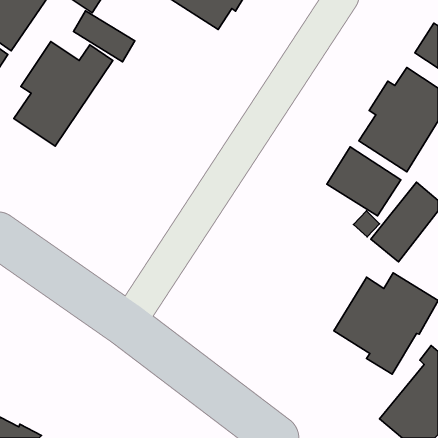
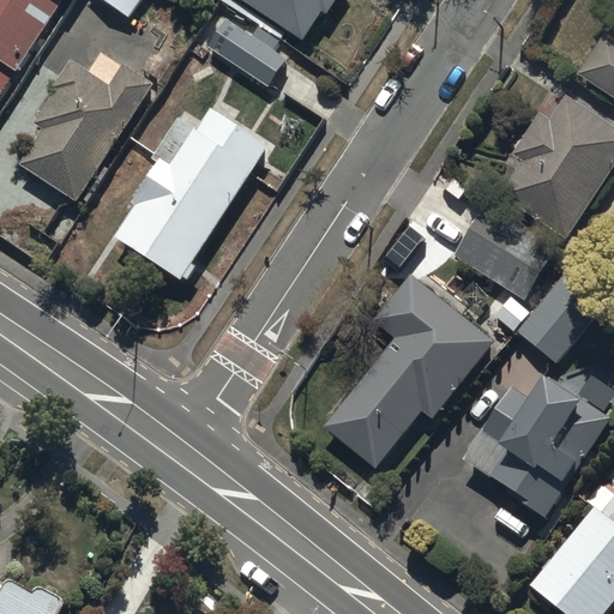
building: [73,11,135,62] -> [201,16,287,86]
building: none -> [112,108,267,279]
building: none -> [324,272,496,471]

